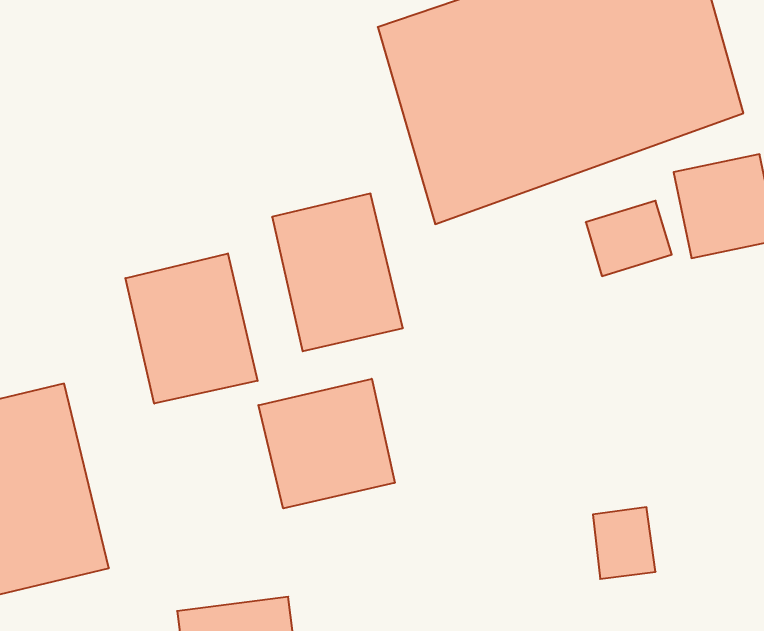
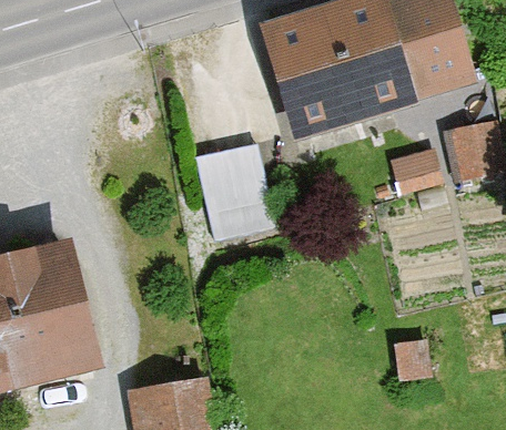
building: [125,253,258,404] -> none
building: [258,379,395,508] -> none

